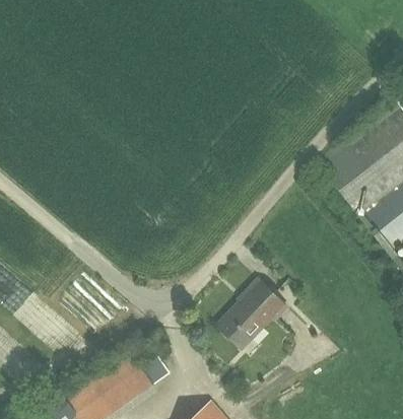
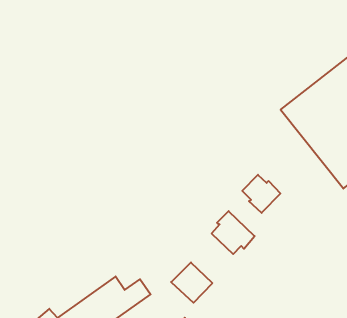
building: none -> [242,175,280,213]
building: [220,303,267,349] -> [171,262,212,303]

